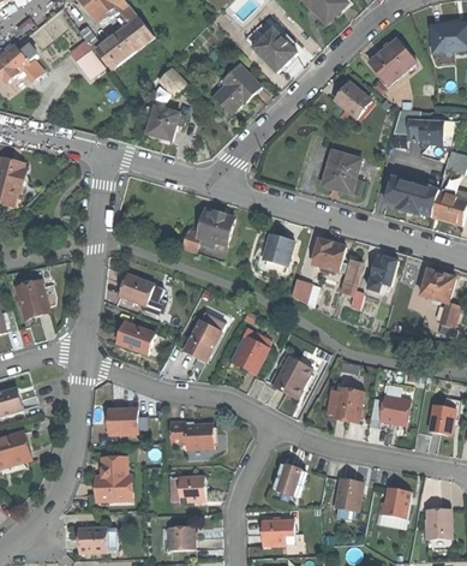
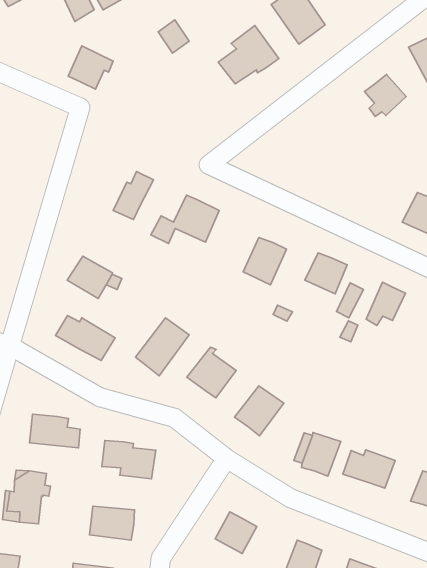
building: [146,106,181,139] -> [68,46,113,89]
building: [322,149,363,193] -> none
building: none -> [113,171,153,220]

